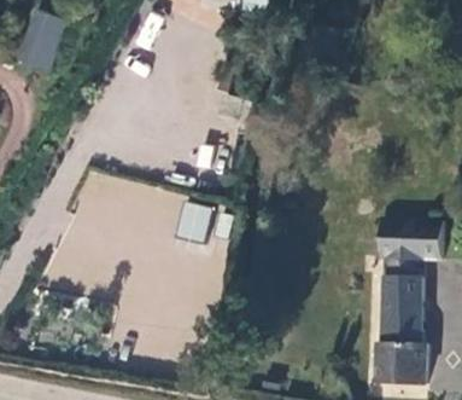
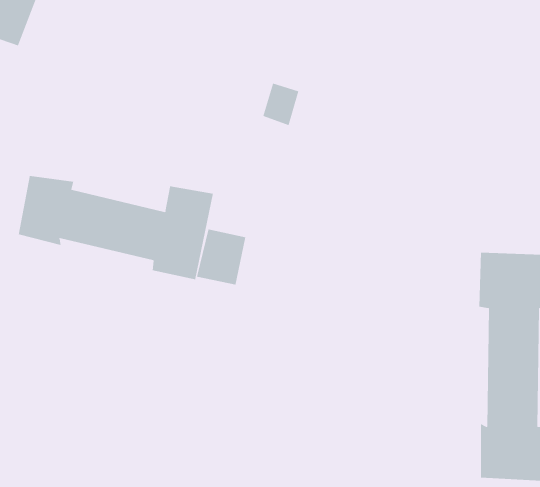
building: none -> [18,175,214,280]

